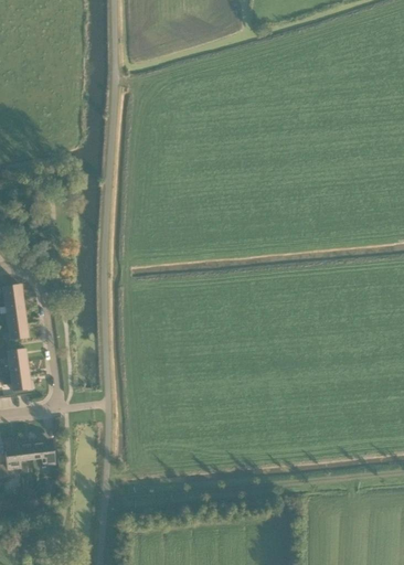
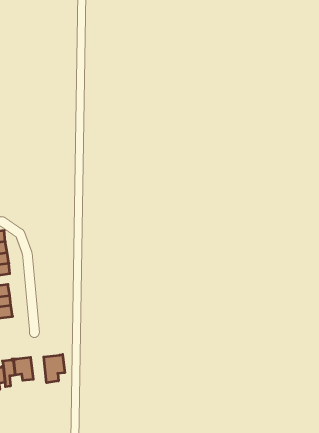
building: none -> [44,354,65,383]

